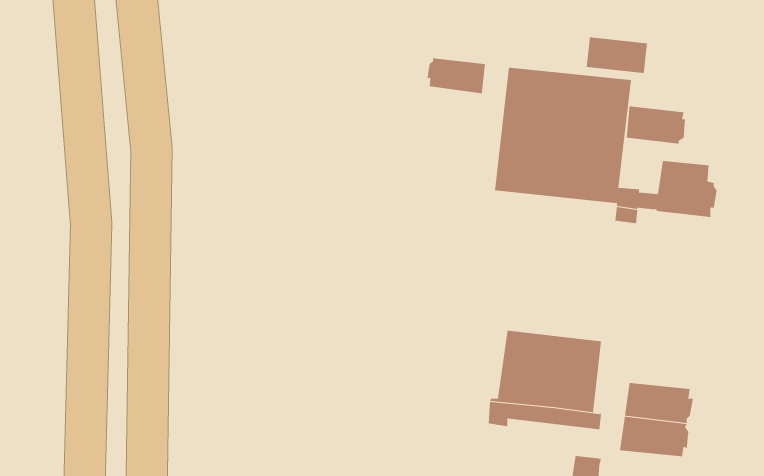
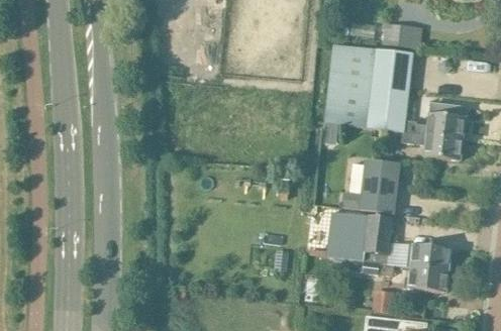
building: [427,57,486,94] -> none
building: [626,106,686,144] -> [425,135,464,159]
building: none -> [342,159,399,212]

